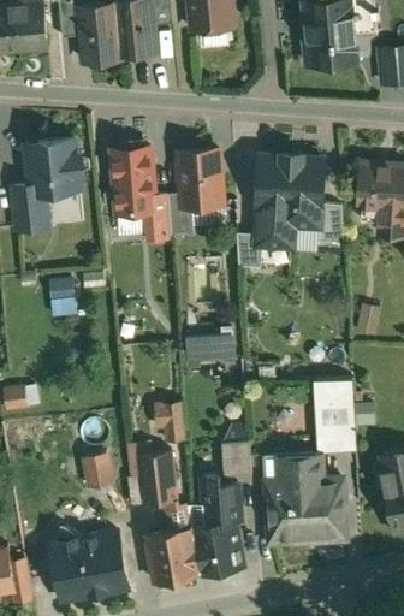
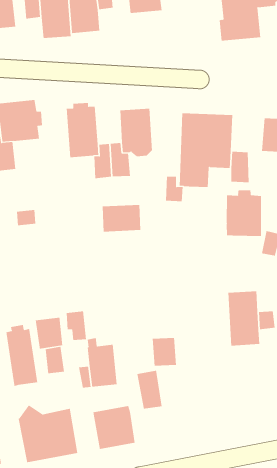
building: none -> [226,189,261,237]
building: [186,333,236,368] -> [102,204,141,232]
building: [159,402,185,439] -> [66,311,87,340]
building: none -> [35,317,63,349]
building: none -> [6,324,38,387]
building: [266,451,347,541] -> none
building: [194,525,244,571] -> none

